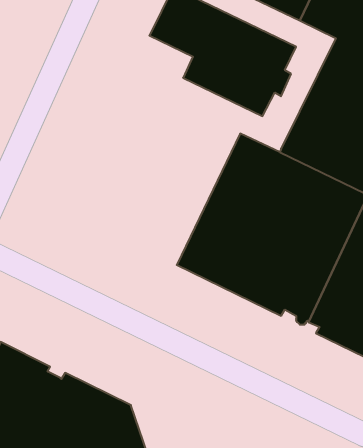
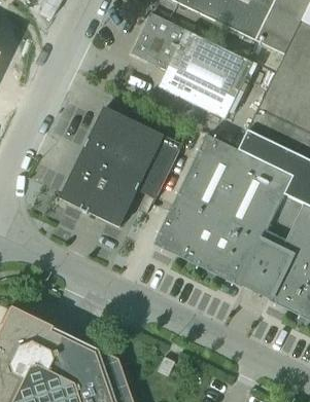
building: none -> [60,107,181,228]

